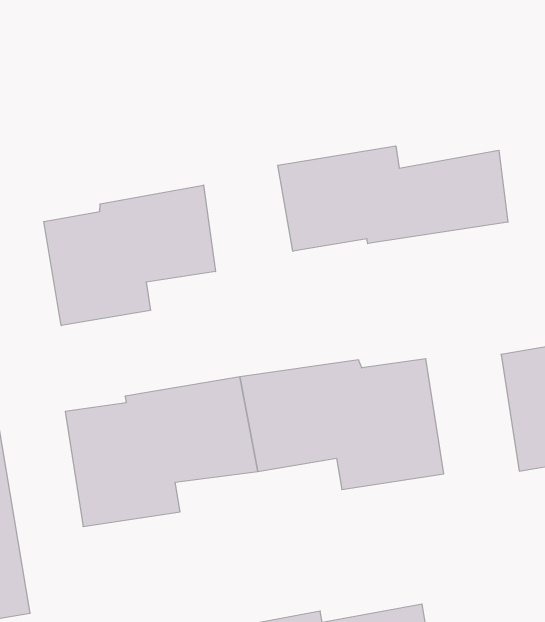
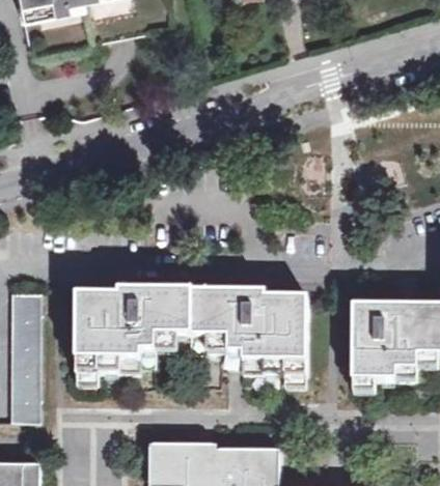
building: [278,146,508,251] -> none
building: [44,185,215,326] -> none

